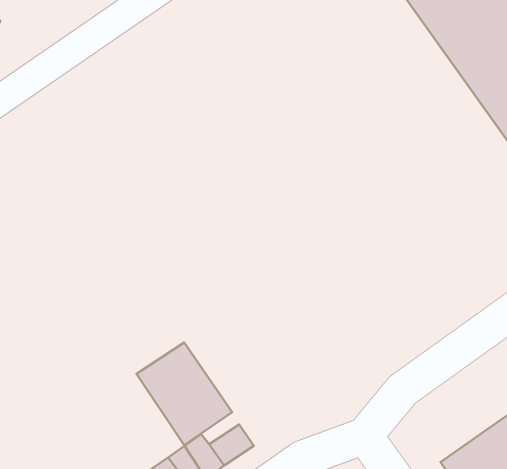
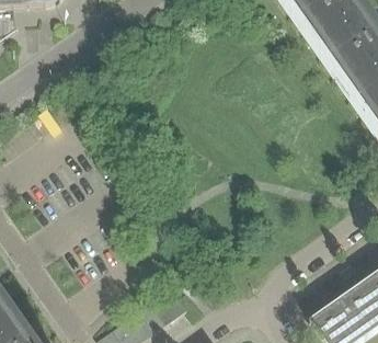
building: [137,342,232,445] -> none

